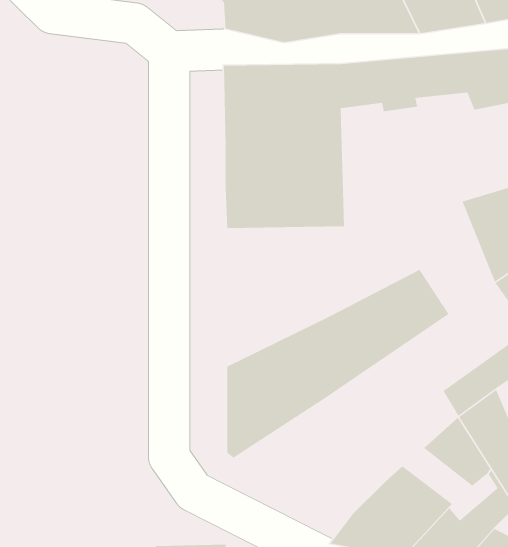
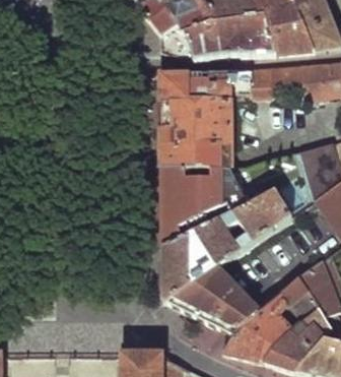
building: none -> [163,168,223,249]
building: none -> [167,268,256,335]

